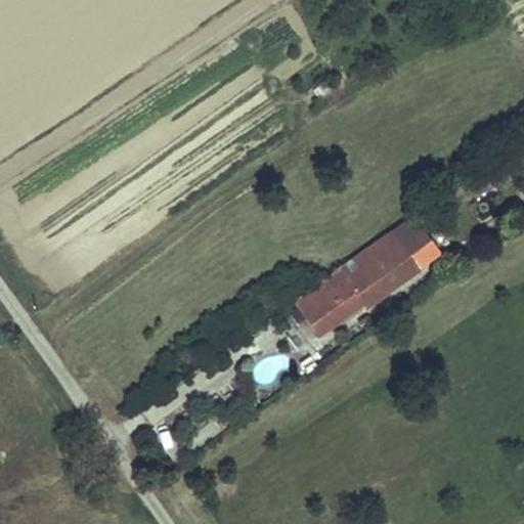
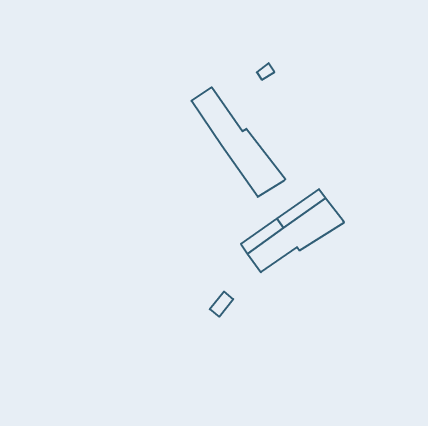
building: none -> [191,87,285,197]
building: [389,212,440,273] -> none

